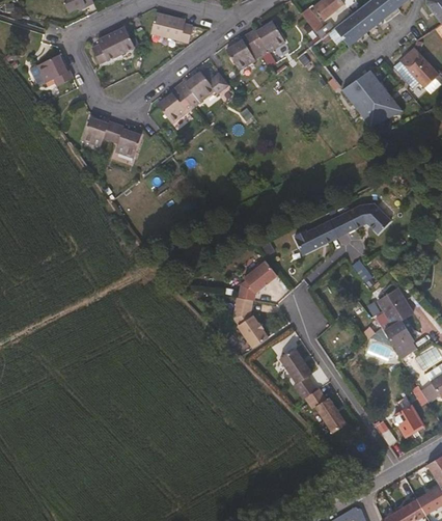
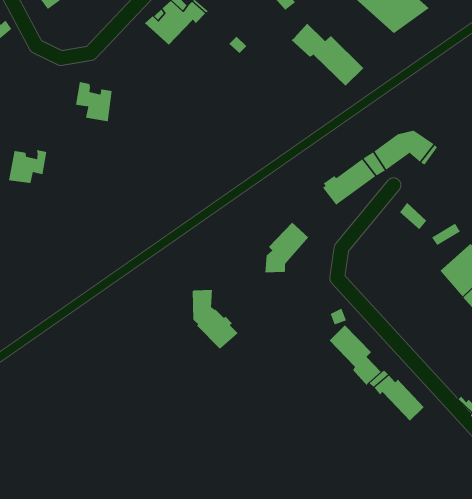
building: [158,86,193,124] -> none
building: none -> [290,23,364,87]
building: [84,118,118,146] -> [8,150,47,184]
building: [234,297,269,347] -> [192,290,239,349]

